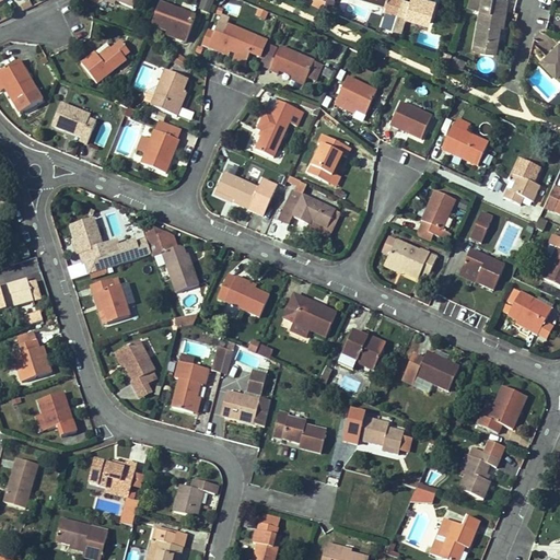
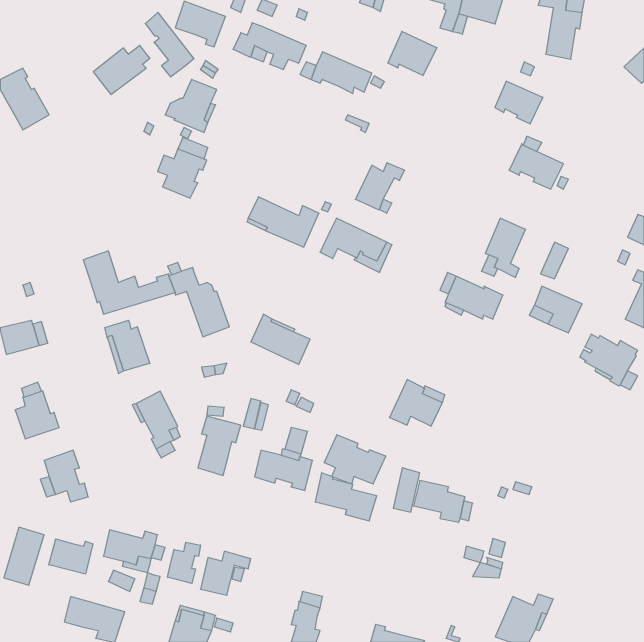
building: none -> [145,12,194,77]
building: [335,75,377,114] -> [388,31,437,76]
building: [256,96,303,156] -> none
building: [390,101,432,138] -> [495,81,543,124]
building: [52,102,96,142] -> none
building: [503,158,541,205] -> none
building: [283,293,337,336] -> [324,435,386,484]
building: [402,351,459,390] -> none
building: [478,385,527,432] -> none
building: [459,446,500,498] -> none
building: none -> [49,539,93,574]
building: none -> [168,542,201,583]

